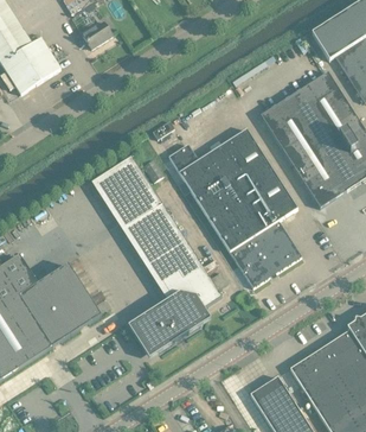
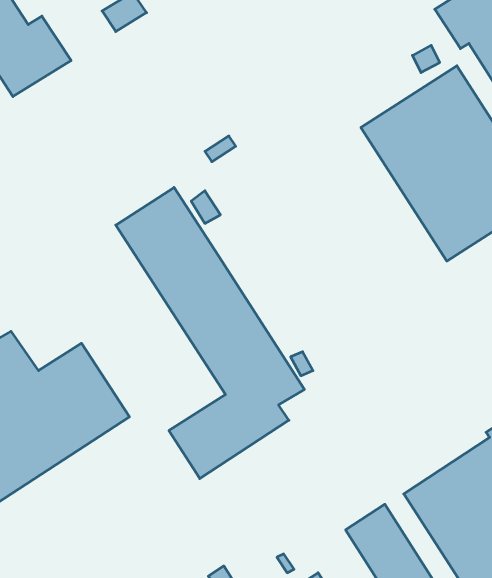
building: [168,128,302,287] -> none

